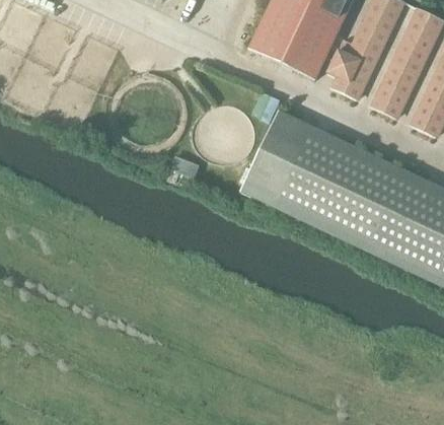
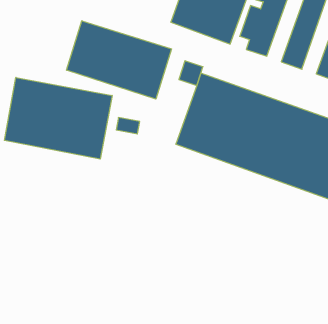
building: none -> [67,21,172,99]
building: none -> [4,77,112,159]

